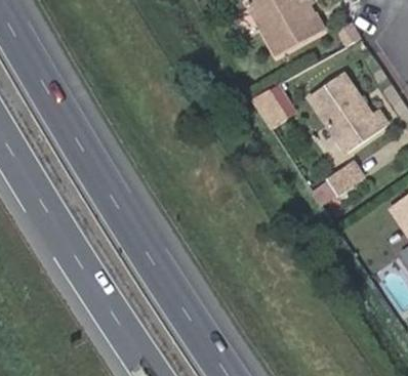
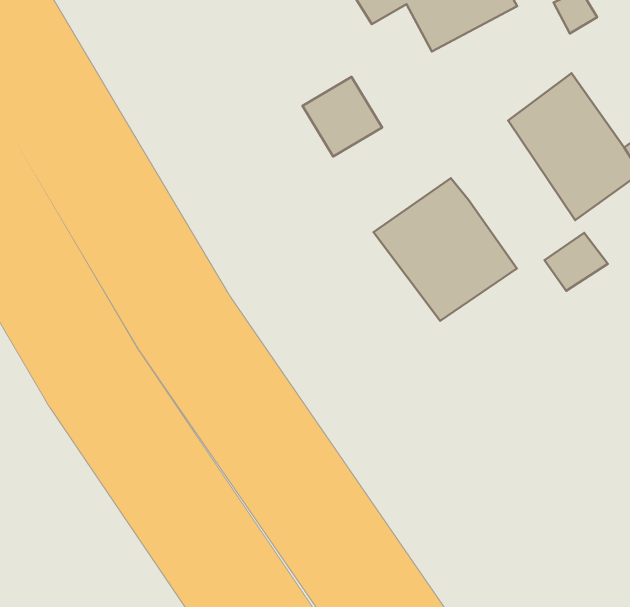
building: [255,79,300,124] -> [302,77,382,157]
building: none -> [373,178,517,321]

